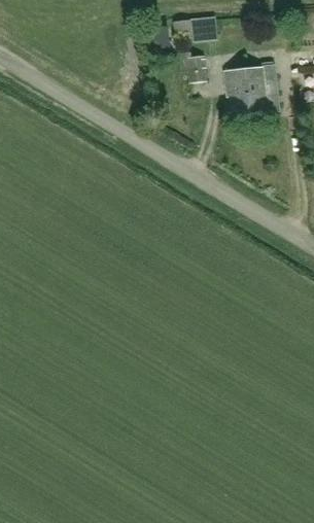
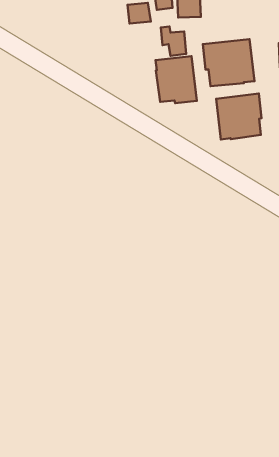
building: none -> [155,56,197,103]
building: none -> [216,93,262,140]

